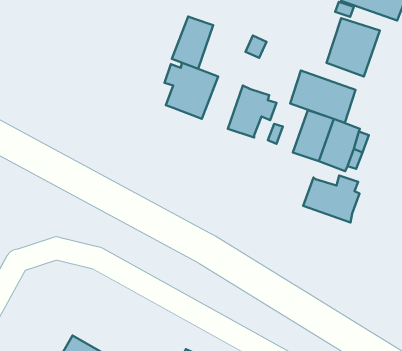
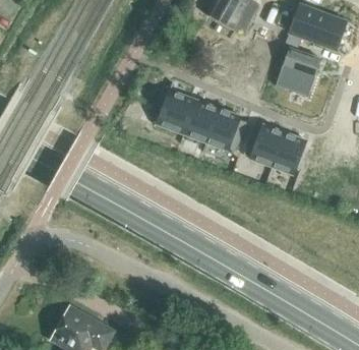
building: [172,16,213,69] -> [175,97,208,139]
building: [290,71,356,123] -> none
building: [303,175,360,223] -> none

